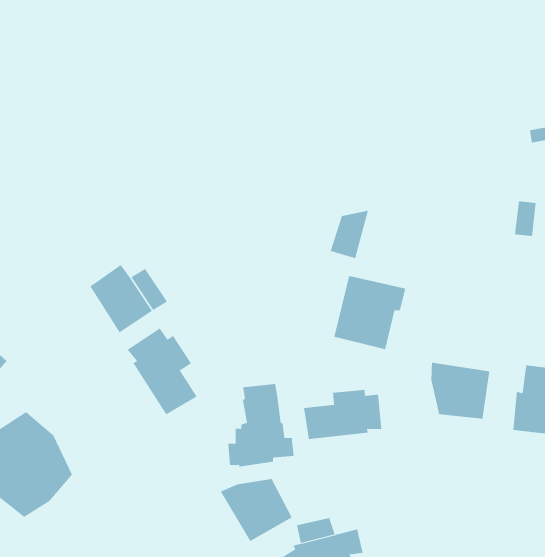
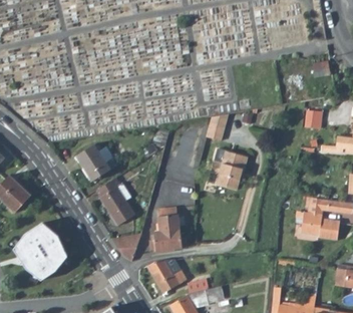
building: [431,362,490,420] -> none
building: [304,389,382,440] -> none
building: none -> [111,234,141,261]

